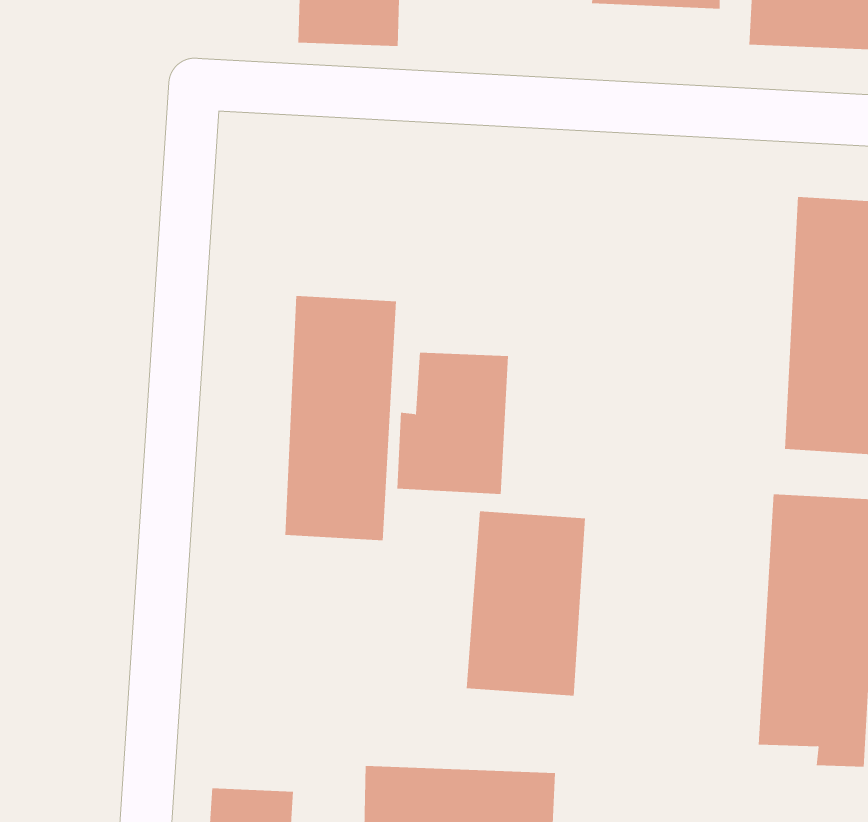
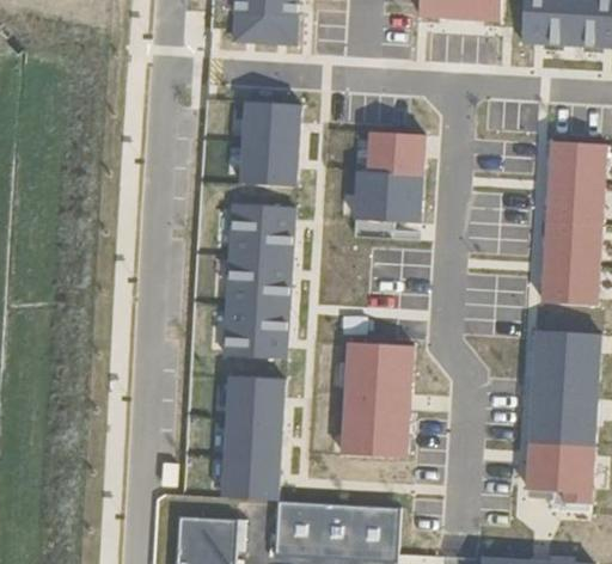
building: none -> [240,102,300,185]
building: [397,352,509,494] -> [354,131,426,222]
building: none -> [221,376,286,501]

